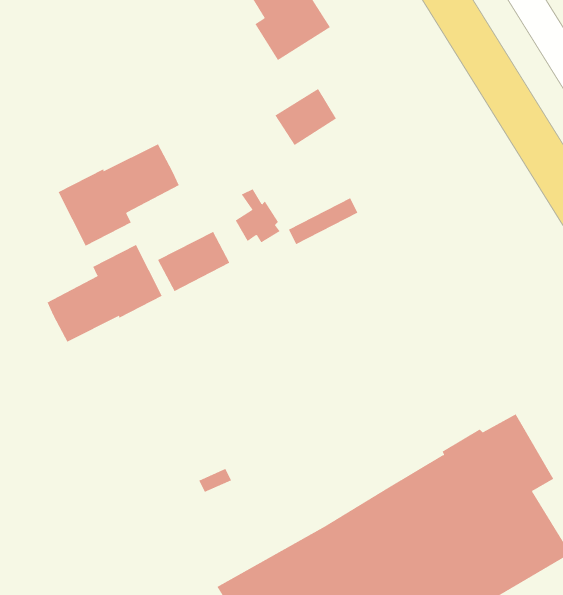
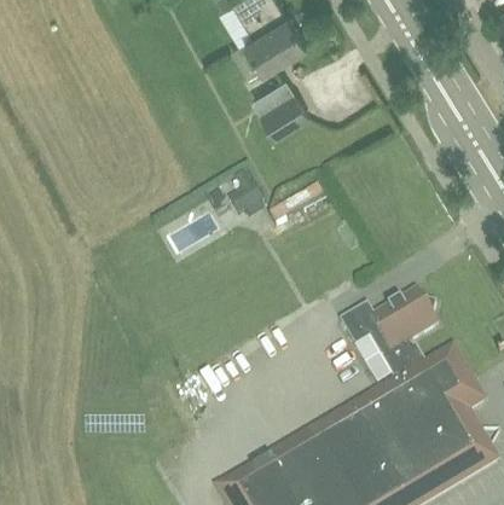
building: [58,143,179,246] -> none
building: [47,244,163,342] -> none
building: none -> [336,286,434,376]

